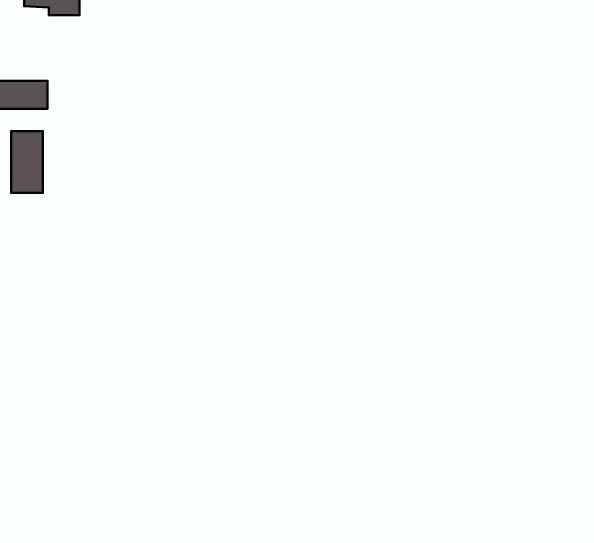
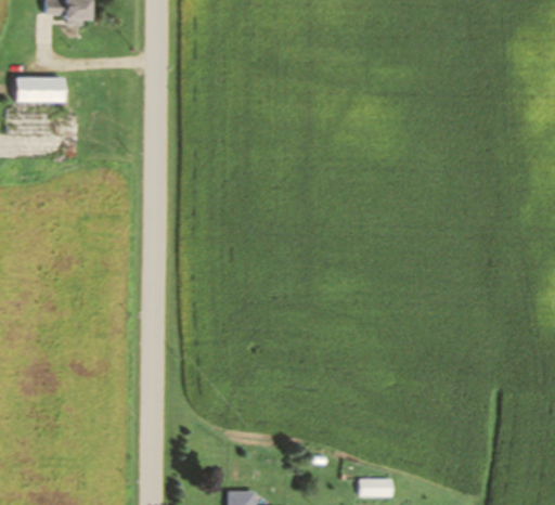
building: [11,131,43,193] -> none

